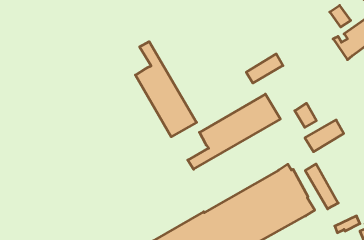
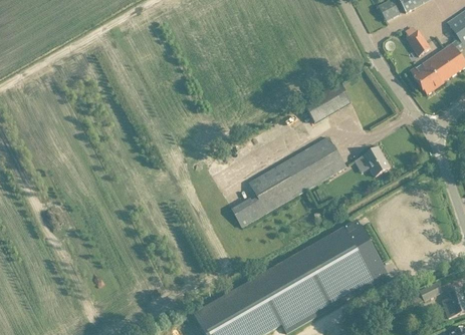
building: [135,42,197,137] -> none
building: [305,120,344,152] -> none
building: [305,164,338,209] -> none

